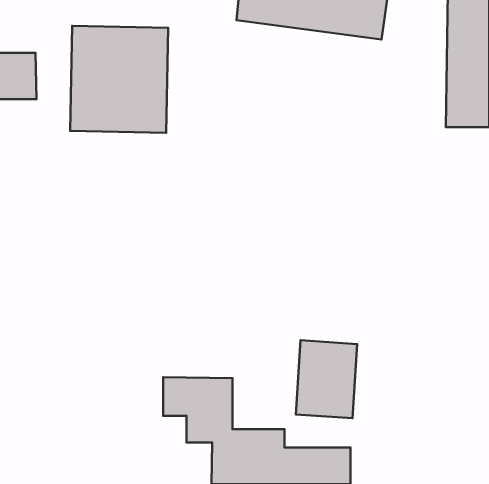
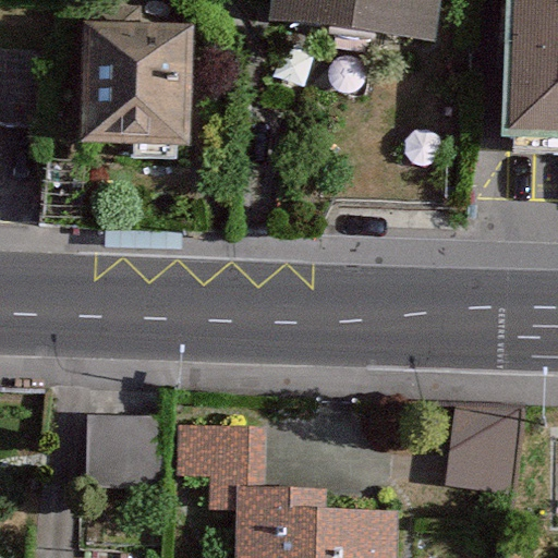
building: [296,340,357,418] -> [448,399,518,487]
building: none -> [92,416,165,486]

